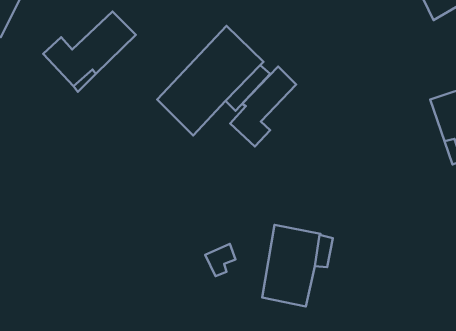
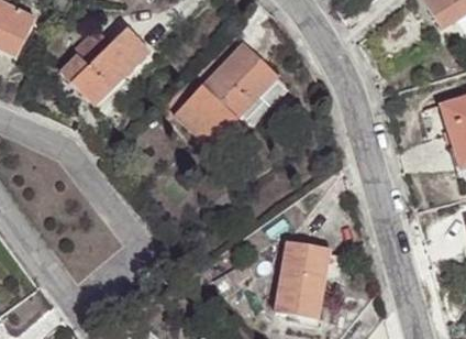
building: [230,66,296,147] -> none

